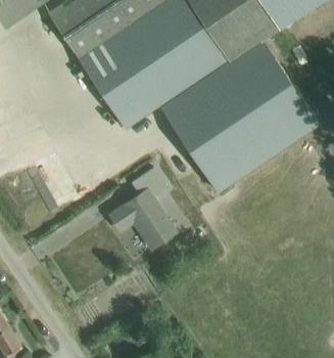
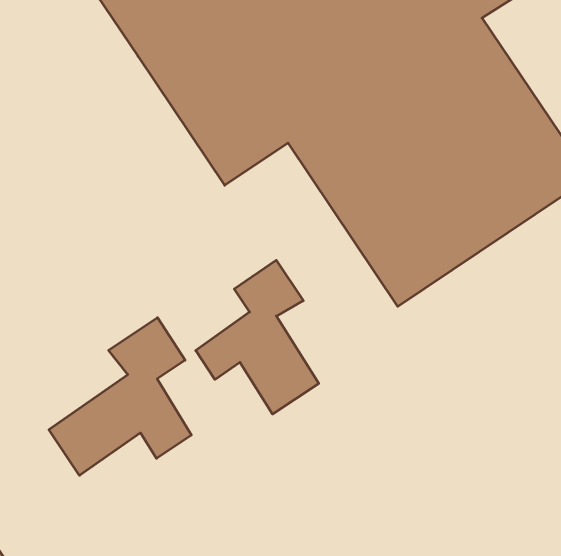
building: none -> [49,318,191,475]

